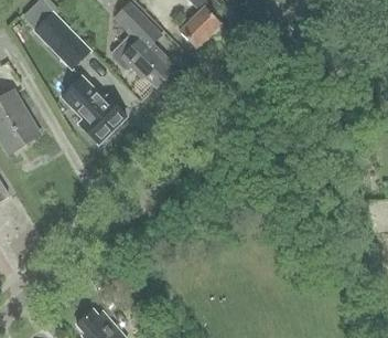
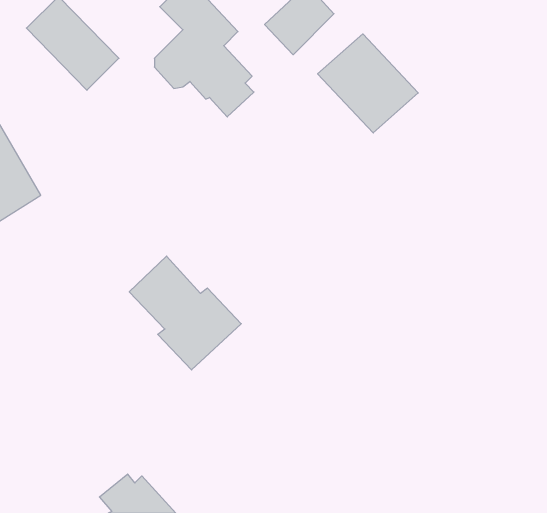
building: none -> [318,34,418,133]
building: [60,74,129,145] -> [129,256,241,370]

